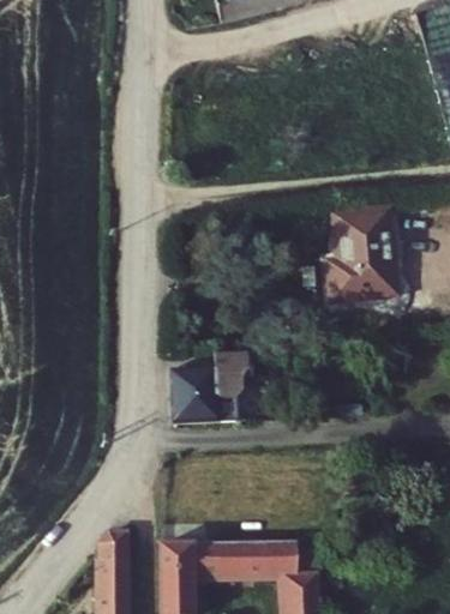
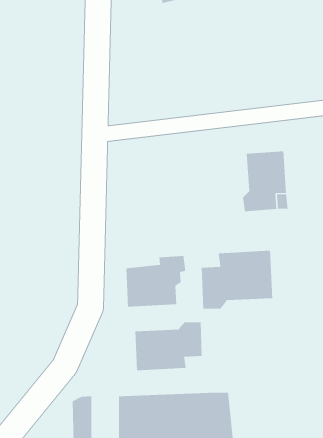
building: none -> [201,250,273,310]
building: none -> [135,322,202,371]

